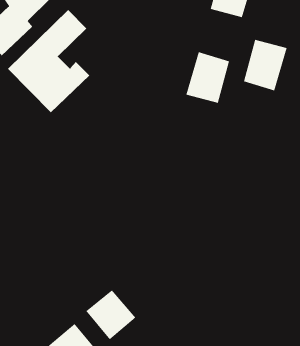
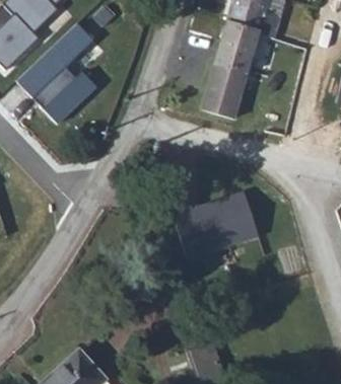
building: [243,39,287,91] -> [214,18,261,73]
building: none -> [175,190,262,258]
building: [86,290,136,340] -> none

